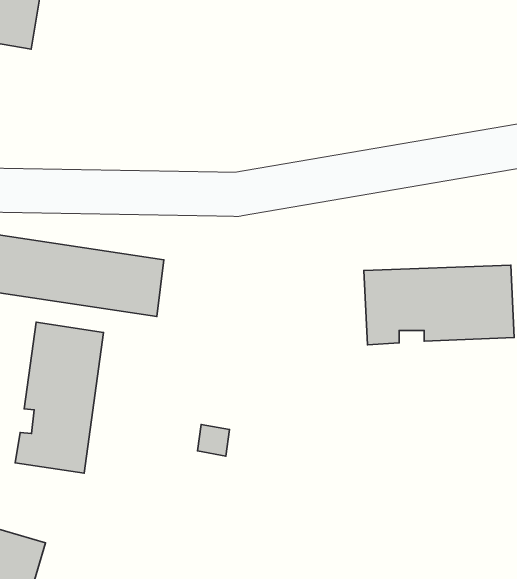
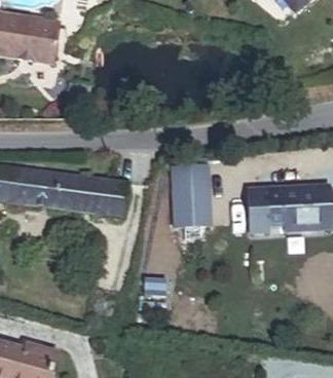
building: none -> [169,161,212,236]
building: [15,322,104,473] -> none

